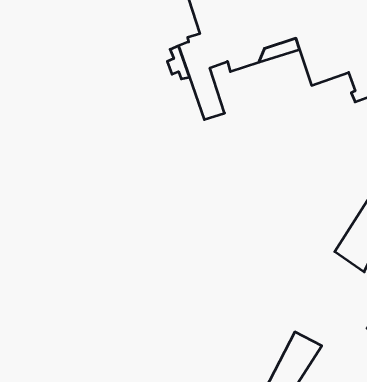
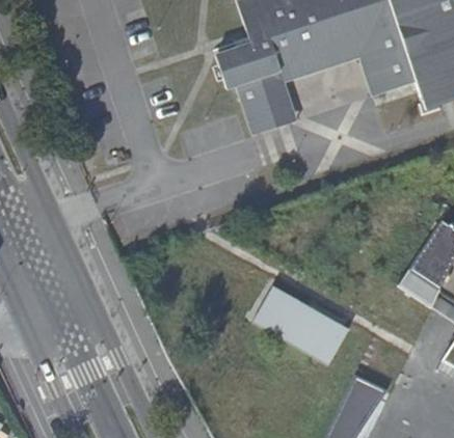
building: none -> [262,70,298,128]
building: none -> [257,286,348,362]

